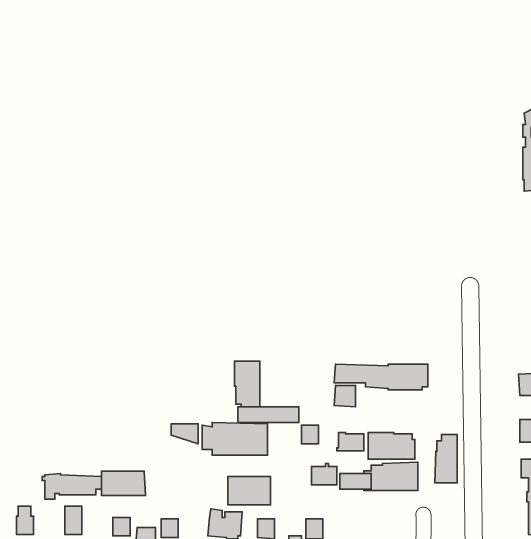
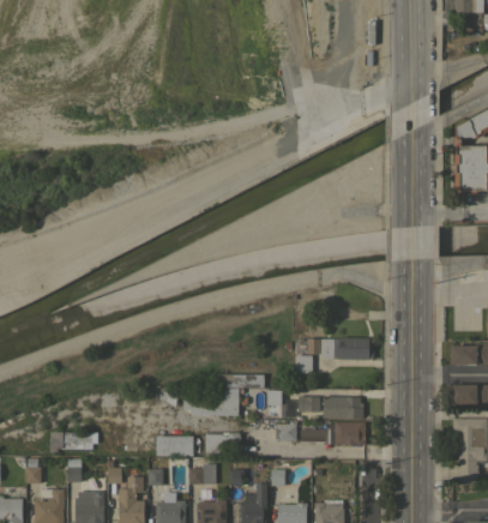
building: [234,361,260,407] -> none
building: [435,435,457,483] -> none
building: [102,471,146,495] -> [157,435,194,456]

